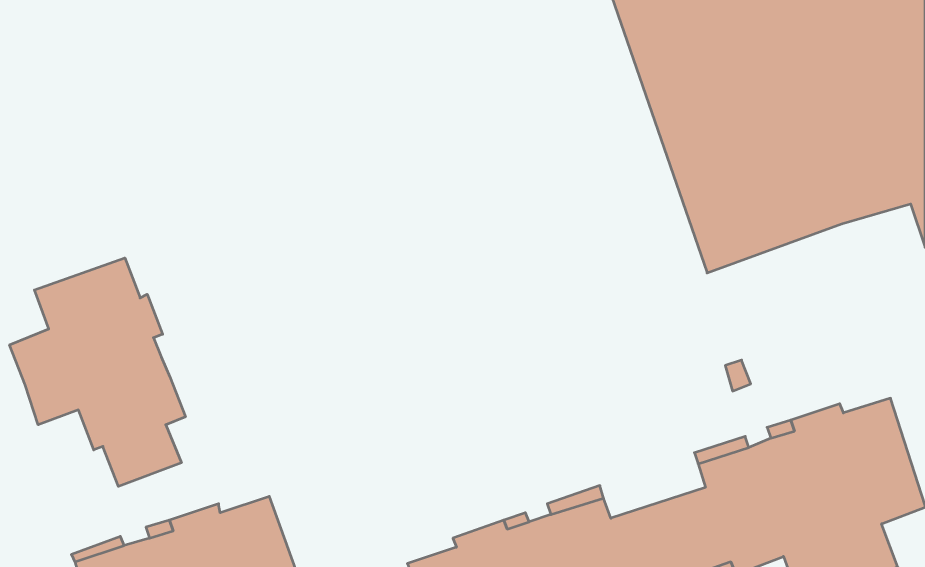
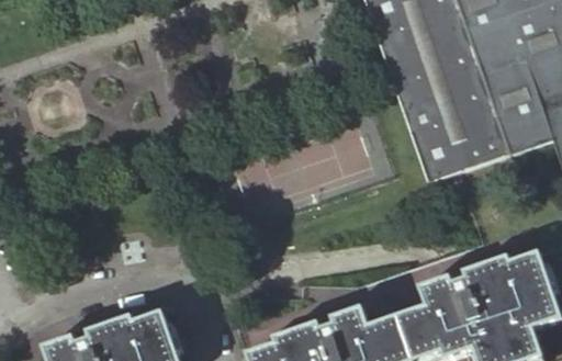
building: [10,258,185,486] -> none

